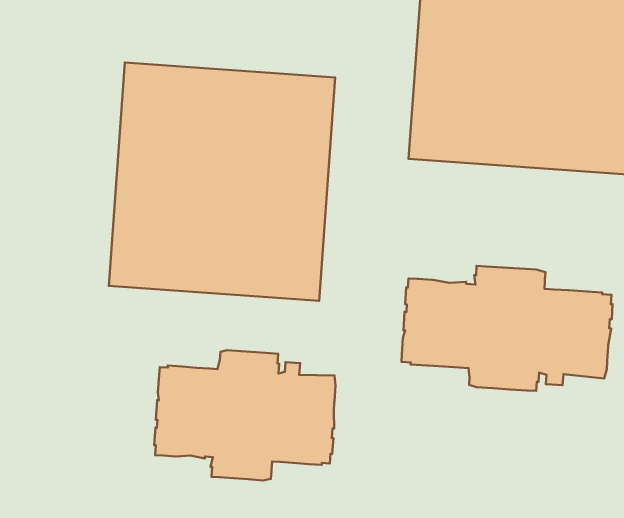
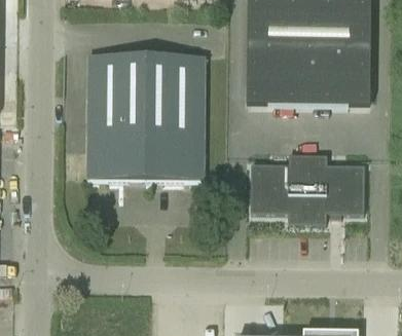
building: [154,350,336,480] -> none

